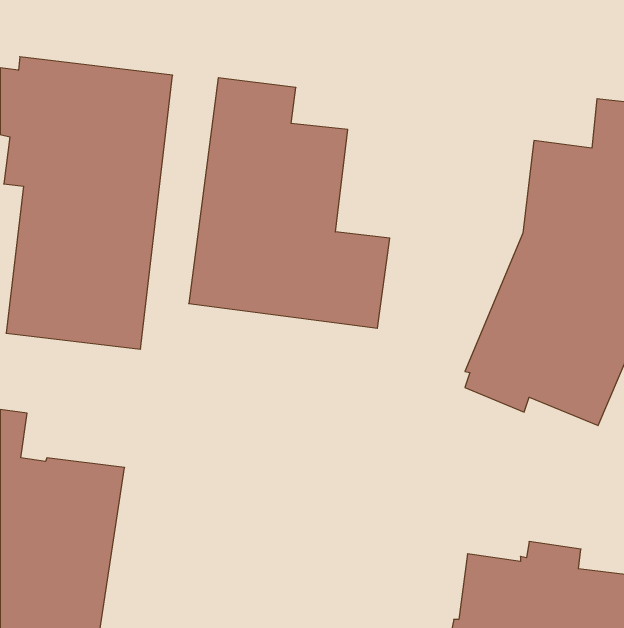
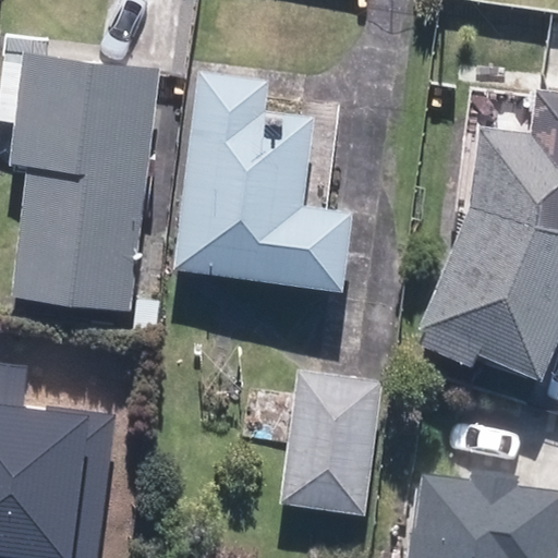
building: none -> [260,371,383,514]

